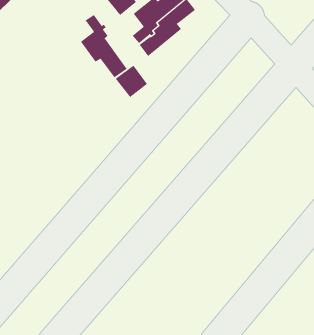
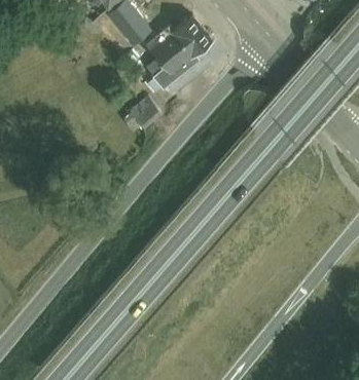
building: [80,14,127,78] -> none

